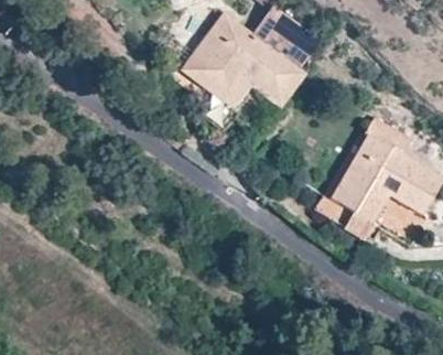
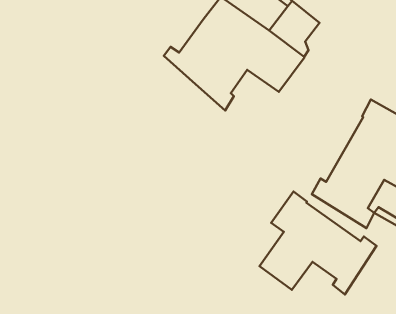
building: none -> [259,192,377,294]

